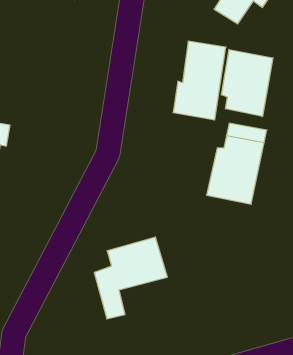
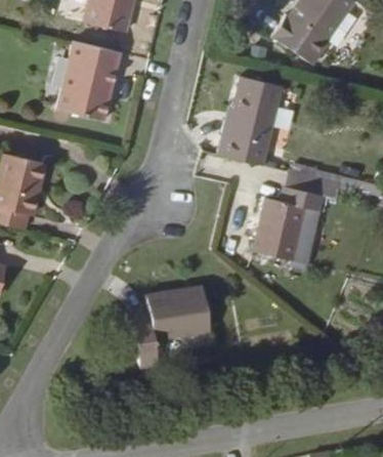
building: none -> [66,30,130,111]
building: [221,49,273,117] -> none

